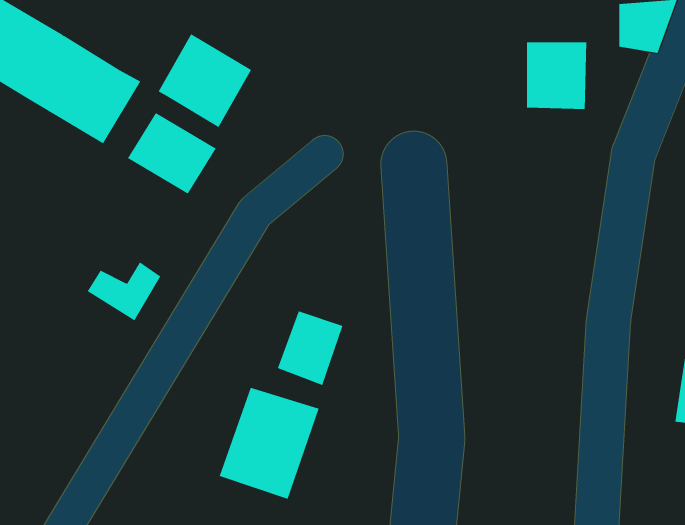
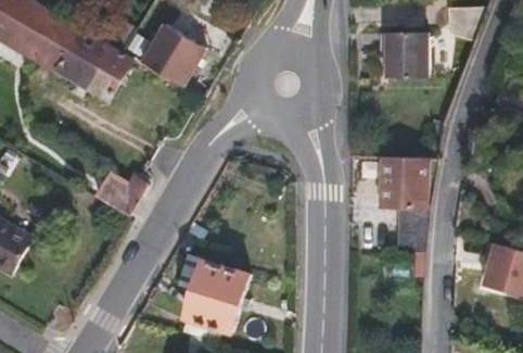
building: [127,112,217,194] -> none
building: none -> [381,156,429,252]
building: [277,310,343,386] -> none

